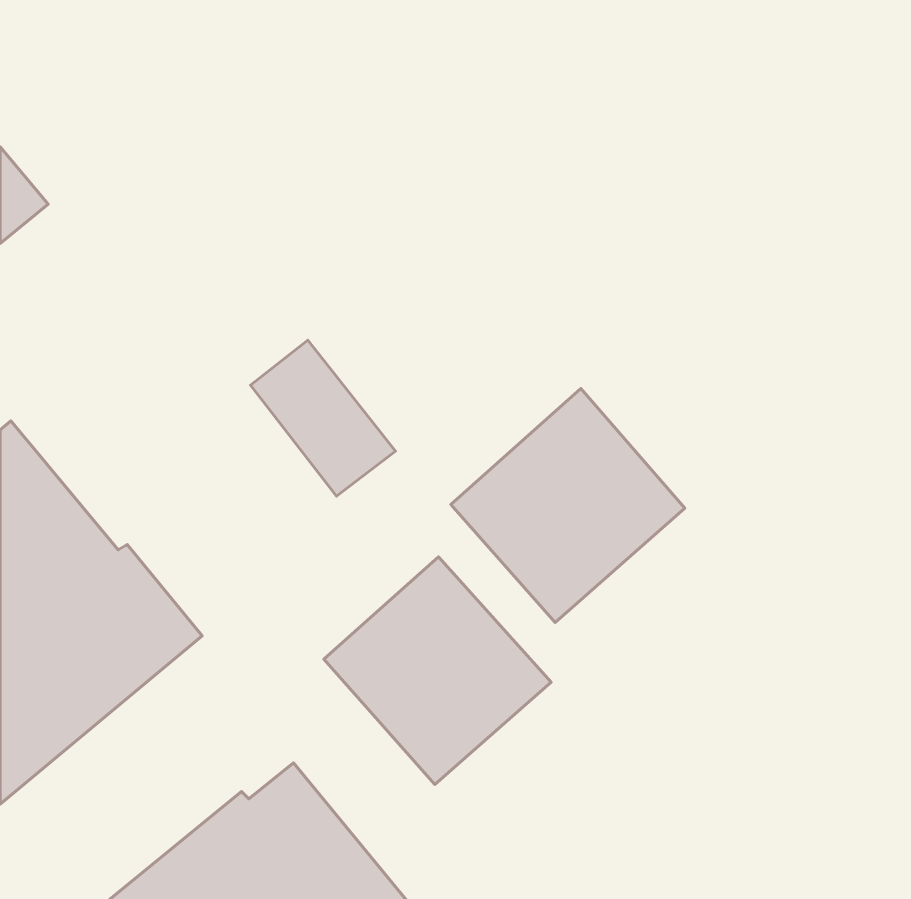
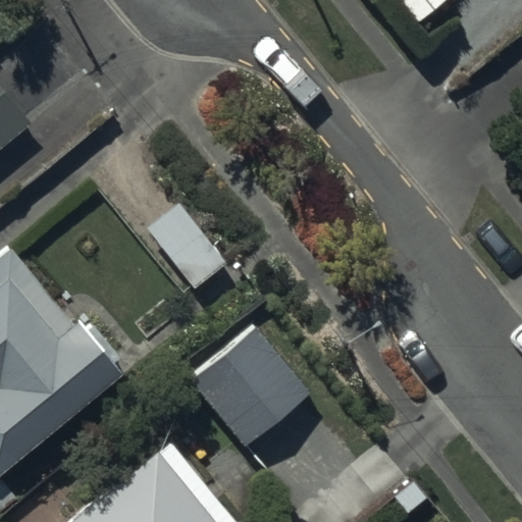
building: [451,388,685,622] -> none

